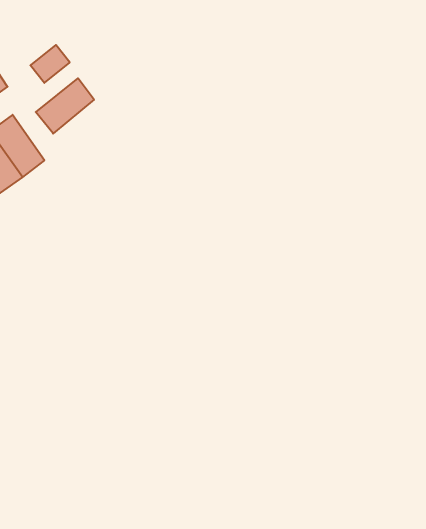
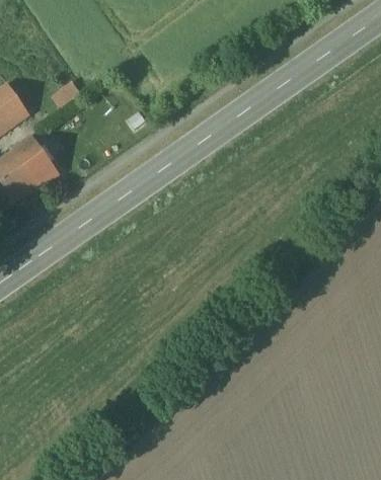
building: [36,78,94,134] -> none

